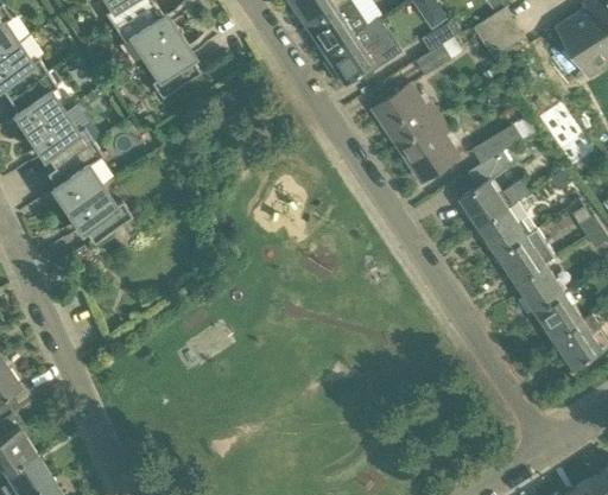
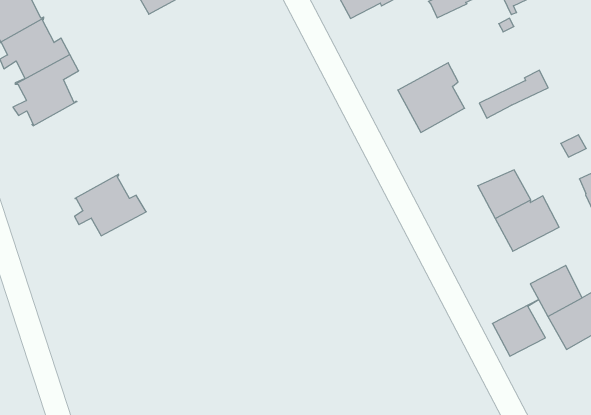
building: [372,84,439,145] -> none
building: [458,148,530,226] -> none
building: [64,184,131,242] -> [75,174,146,236]
building: [515,256,565,311] -> [492,300,545,356]

